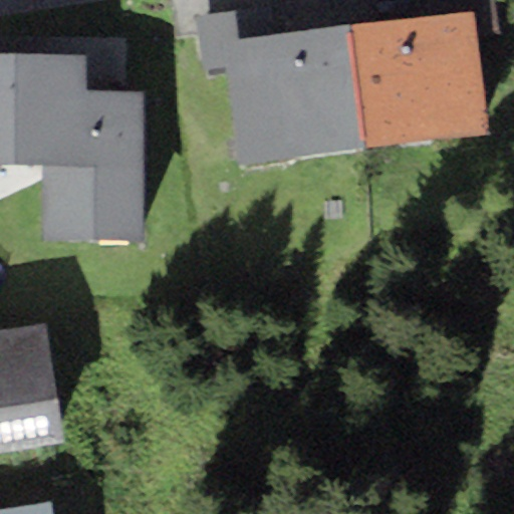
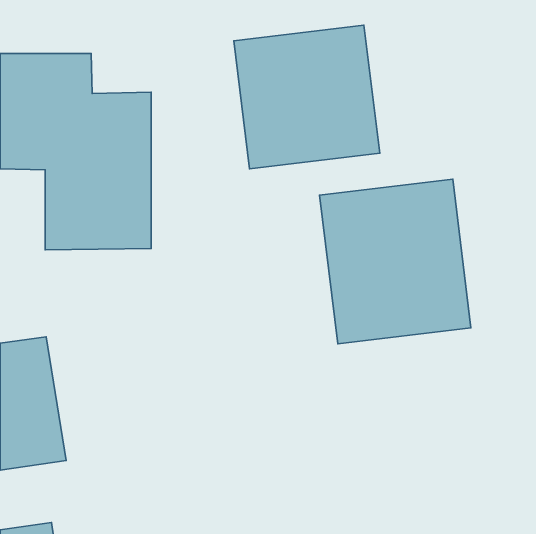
building: [348,10,488,149] -> none
building: none -> [320,179,471,344]

